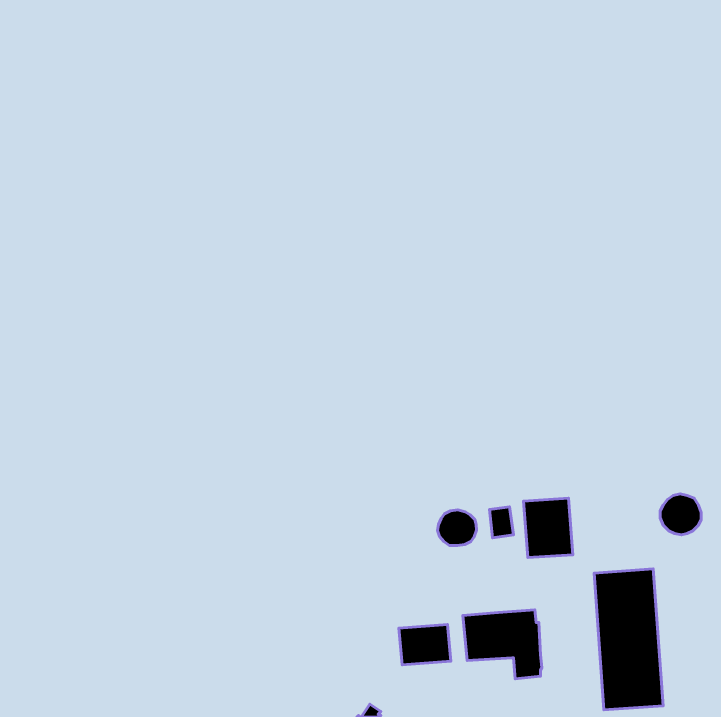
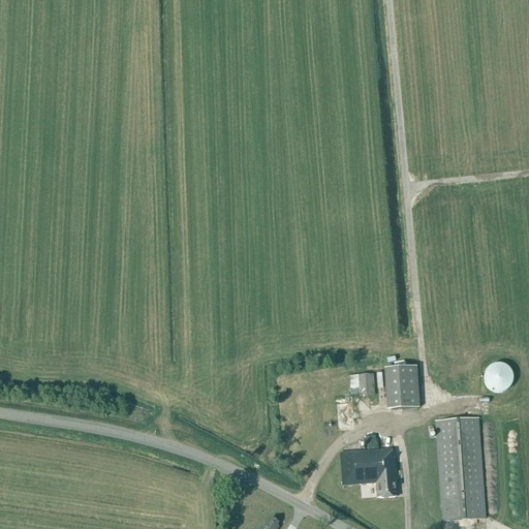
building: [437,510,476,546] -> none
building: [399,624,451,665] -> none

